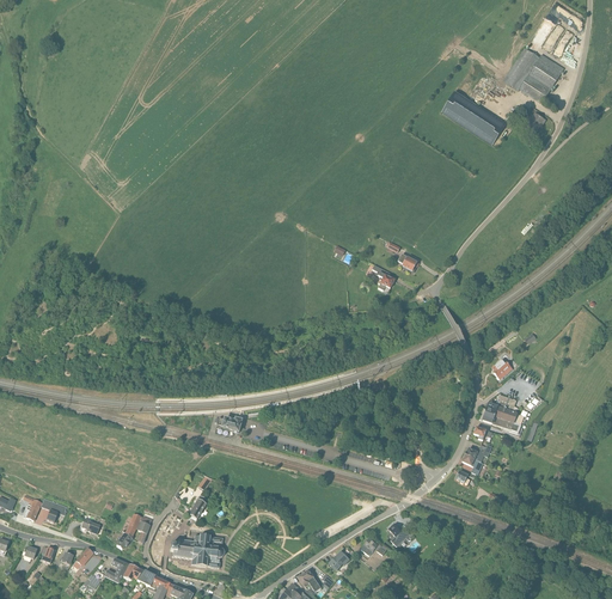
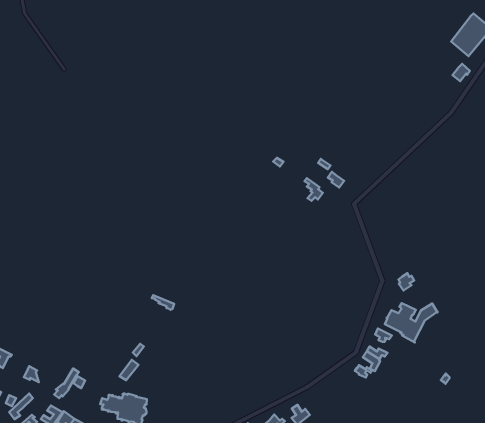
building: [503,48,539,90] -> none
building: [442,92,504,145] -> none

